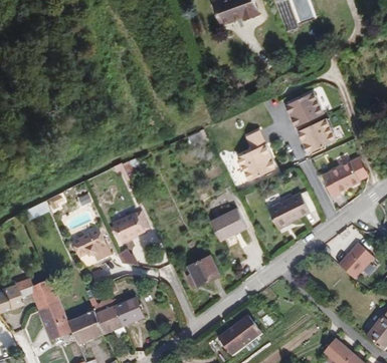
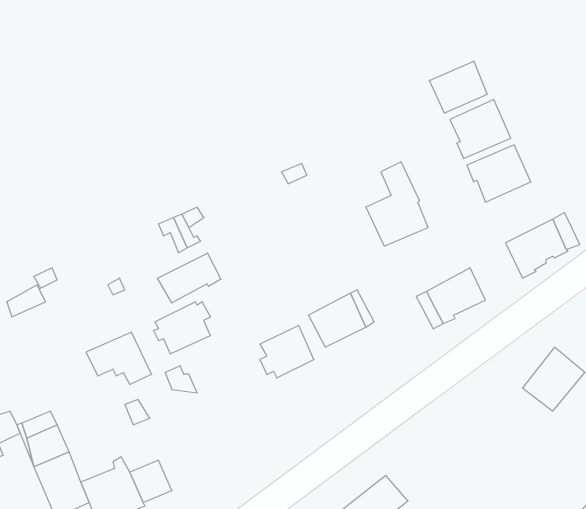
building: none -> [429,61,487,113]
building: none -> [157,253,221,303]
building: [186,260,218,291] -> [260,326,314,378]
building: [115,298,145,325] -> none

